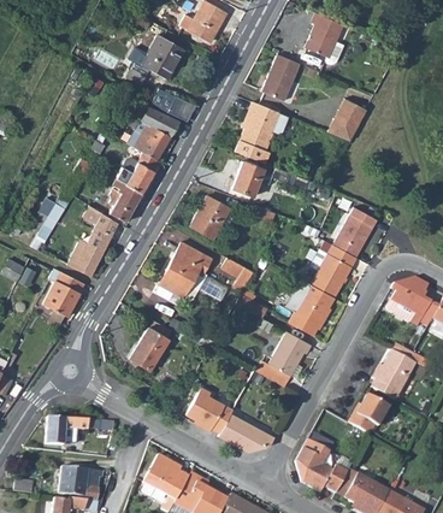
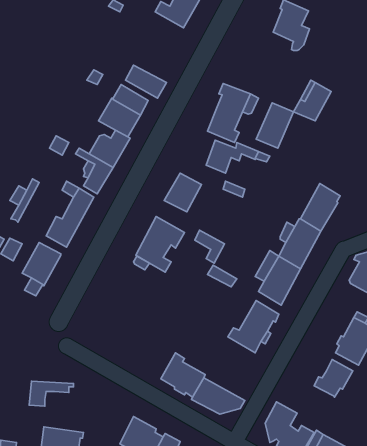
building: [129,33,179,77] -> none
building: [261,53,301,101] -> [256,103,294,148]
building: [130,319,172,371] -> none

